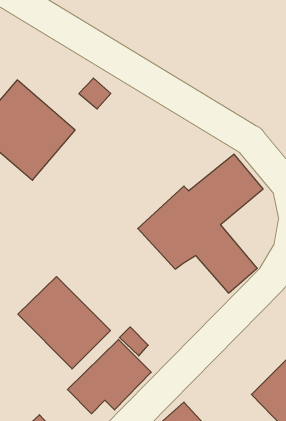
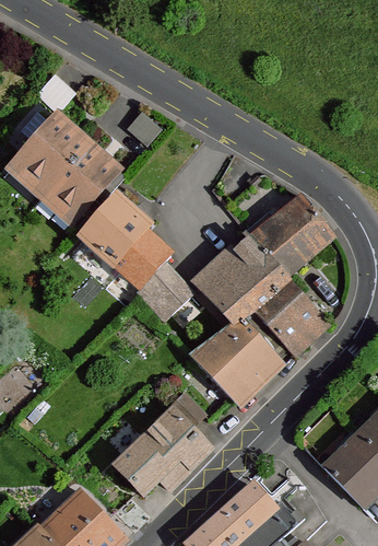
building: none -> [79,193,193,317]
building: none -> [192,321,283,405]
building: [18,277,110,369] -> none

